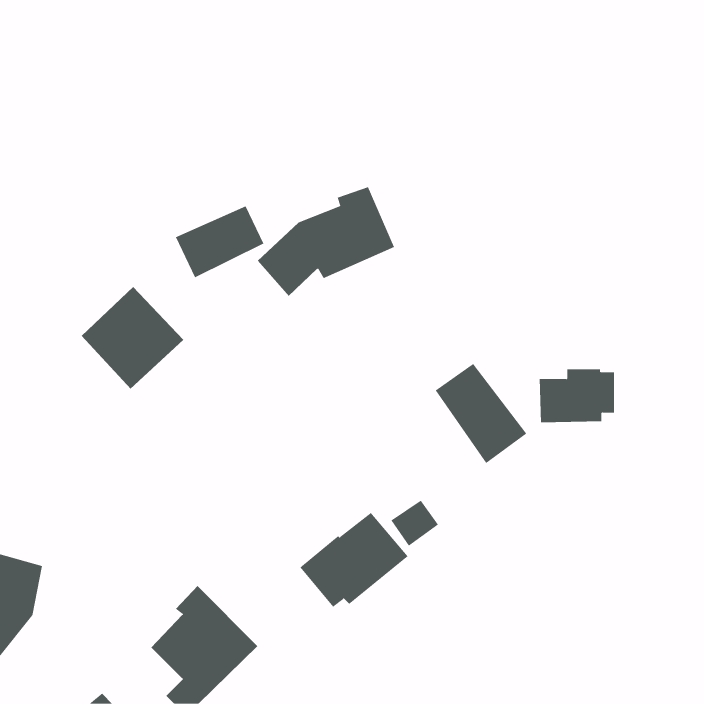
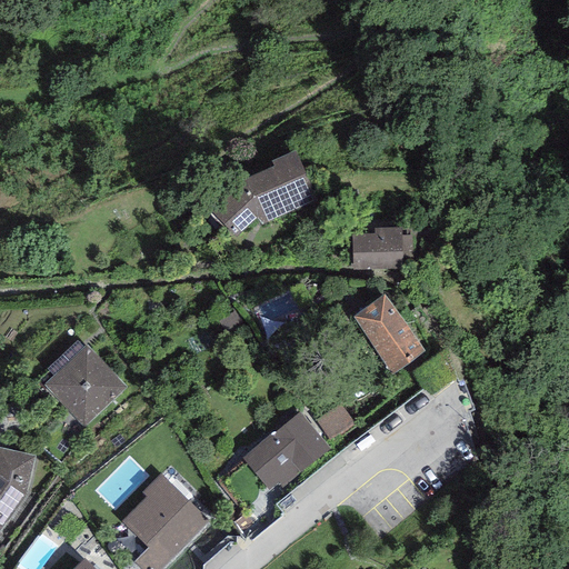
building: [175,206,264,278] -> none
building: [81,286,184,390] -> [42,343,126,427]
building: [539,369,615,423] -> [350,226,411,269]

